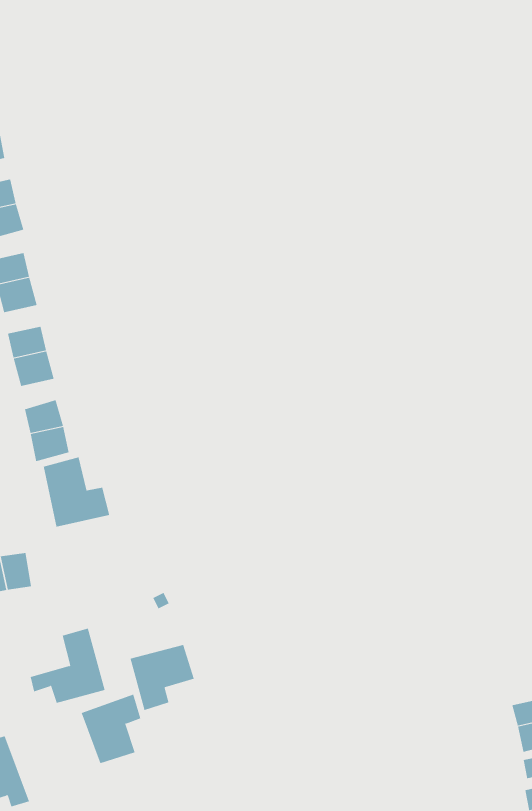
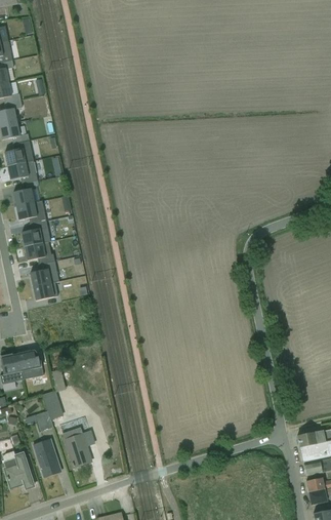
building: [43,457,110,527] -> none
building: [130,644,194,711] -> none
building: none -> [31,437,61,476]

